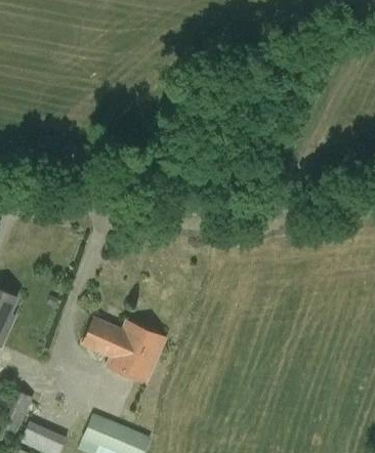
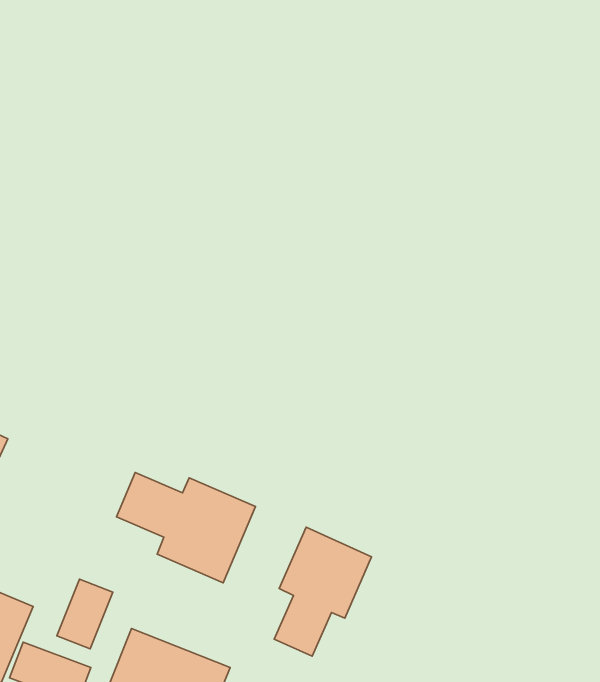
building: none -> [274,527,371,656]
building: none -> [57,579,113,649]

